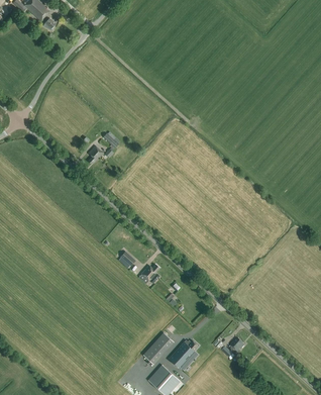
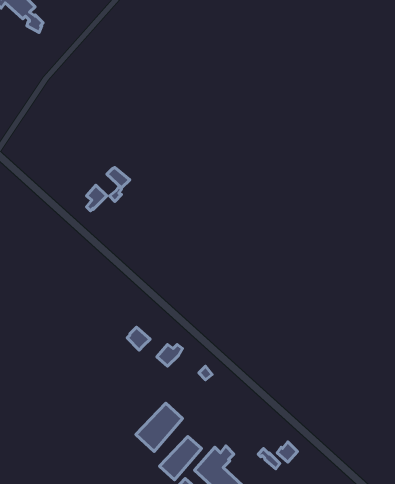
building: none -> [136,403,183,451]

